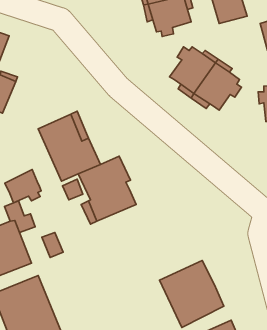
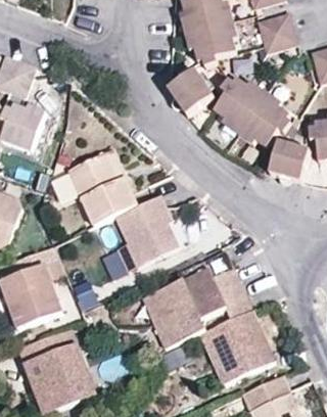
building: none -> [168,68,213,115]
building: none -> [268,140,309,182]
building: [5,169,41,203] -> none
building: none -> [142,269,247,349]

